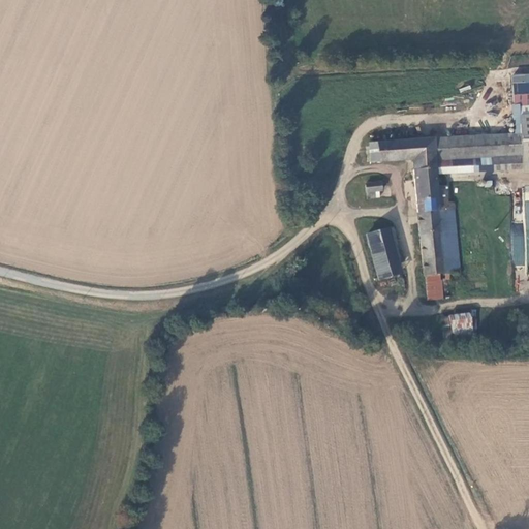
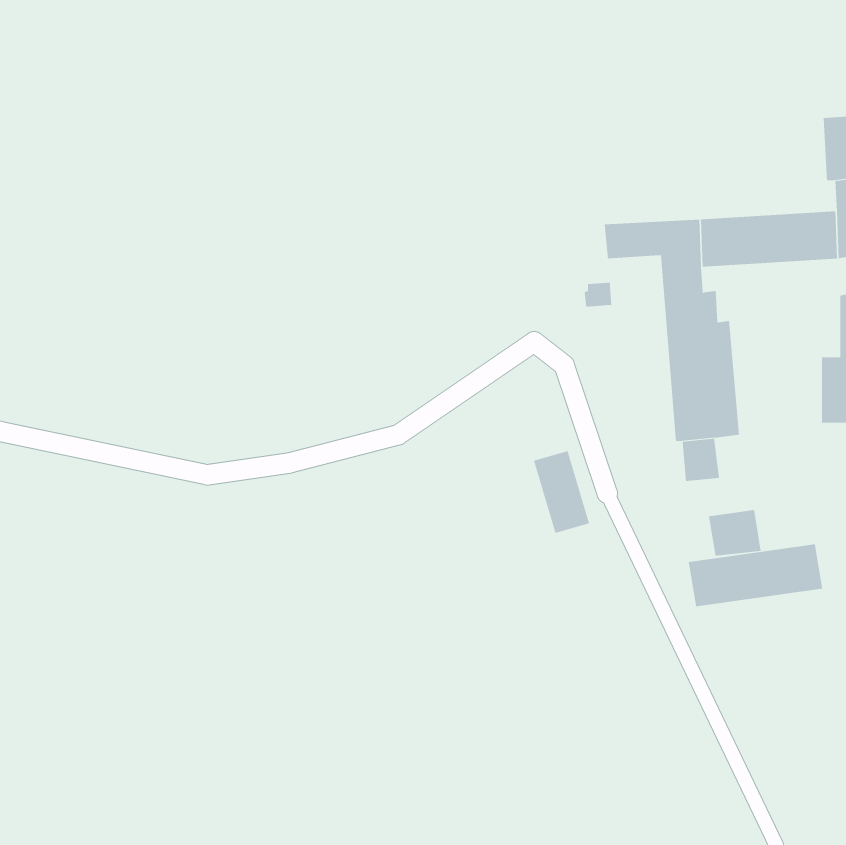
building: [367,227,402,279] -> [533,451,590,534]
building: none -> [688,543,823,607]

